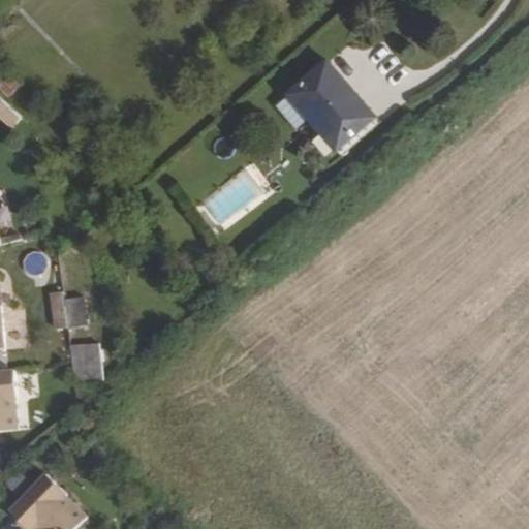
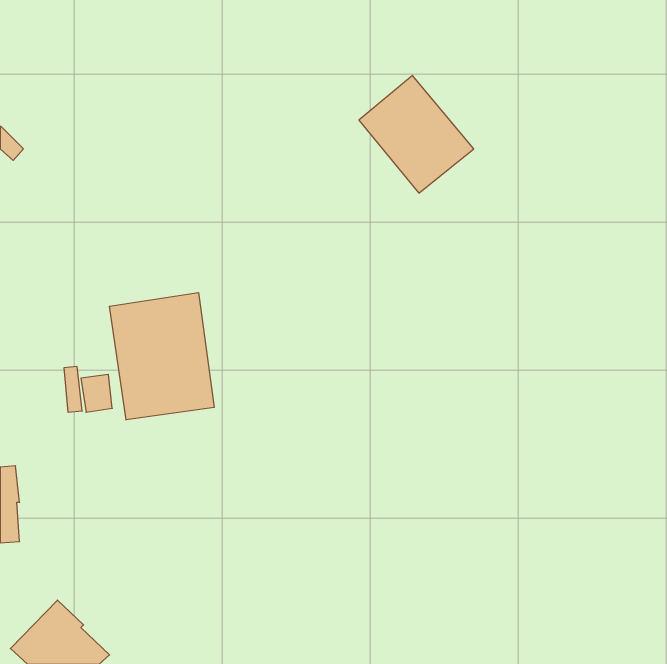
building: none -> [109,293,214,420]
building: [70,342,101,383] -> none

